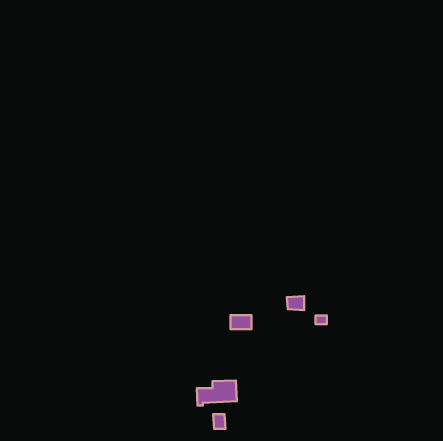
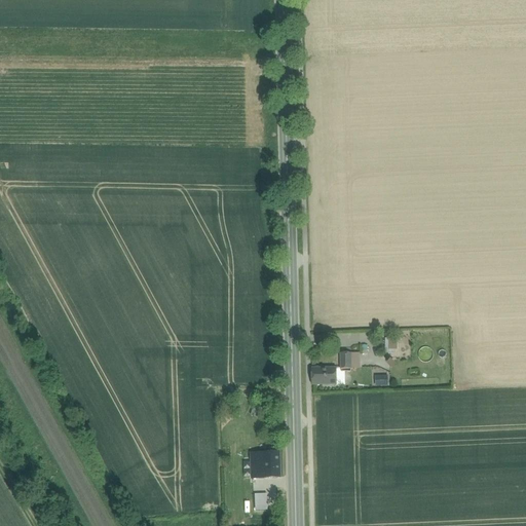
building: [231,315,251,329] -> [311,367,336,383]

